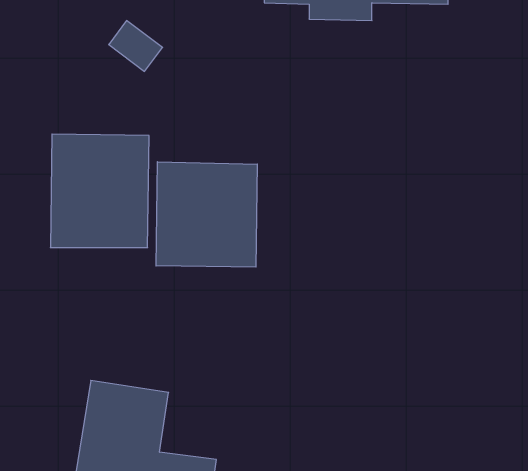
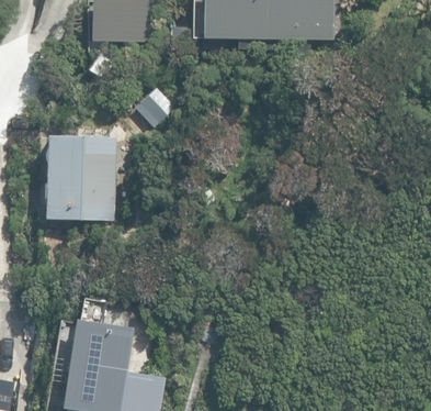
building: [156,162,257,267] -> none

